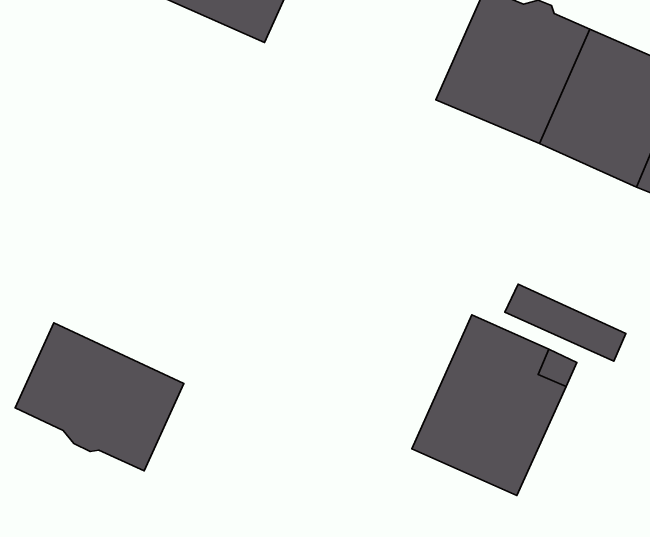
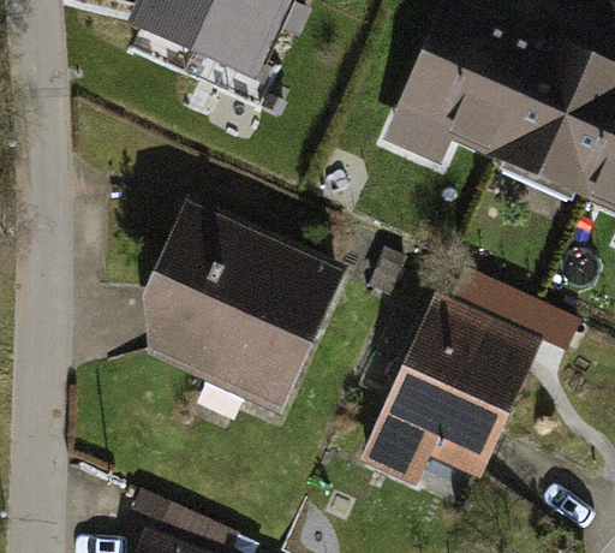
building: none -> [150,210,333,415]
building: [15,323,184,471] -> none

